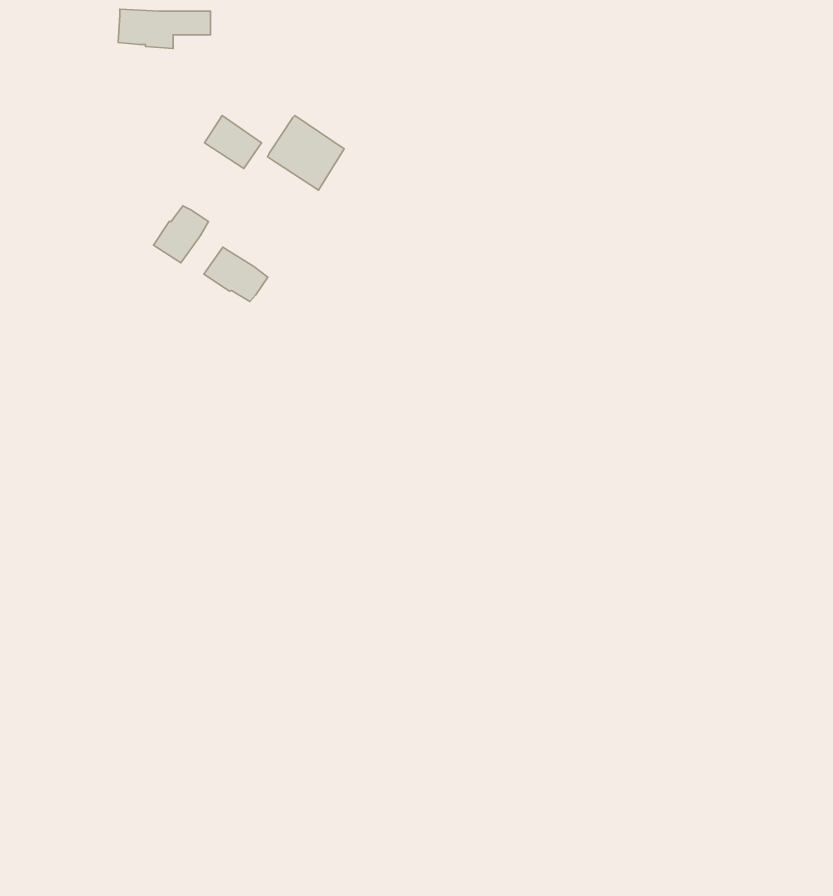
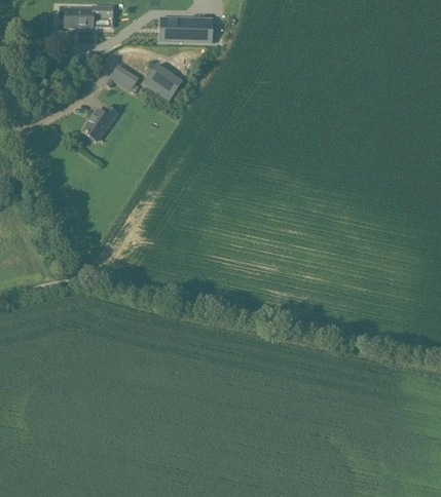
building: none -> [160,18,213,43]
building: [204,247,268,302] -> none

